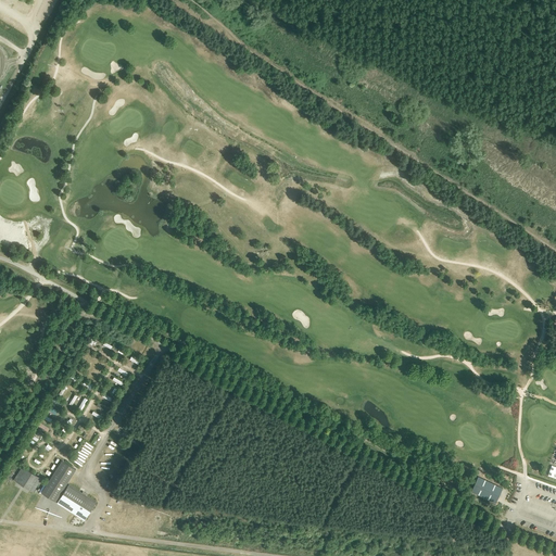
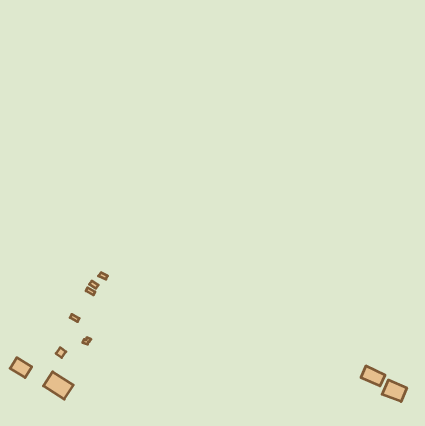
building: [40,460,75,502] -> none
building: none -> [382,380,407,402]

